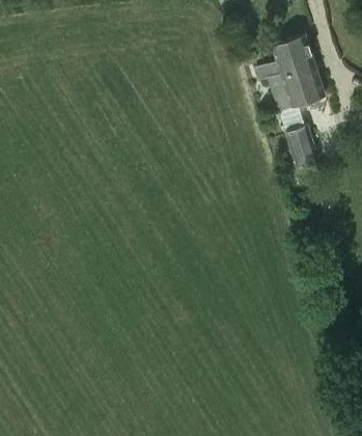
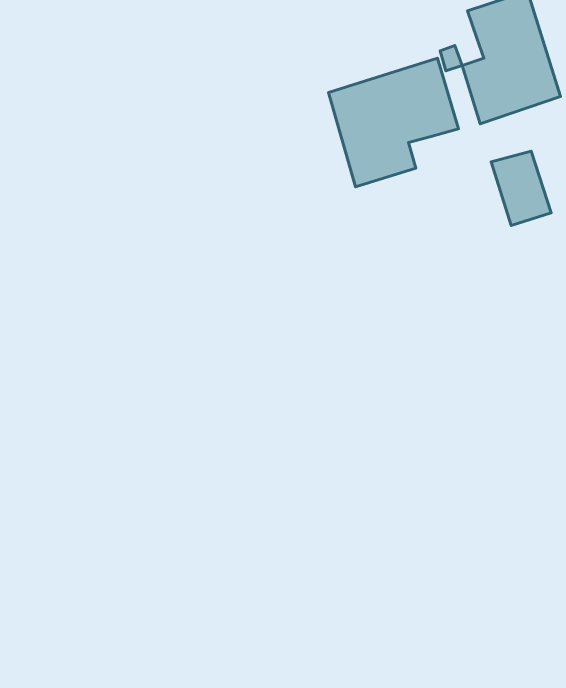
building: none -> [328,58,458,187]

